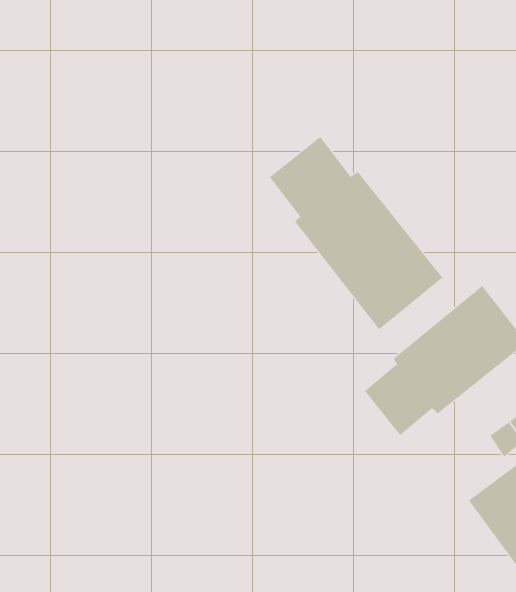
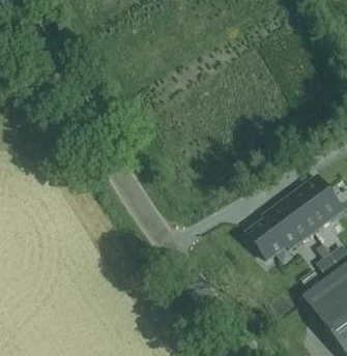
building: [269,136,443,330] -> none

